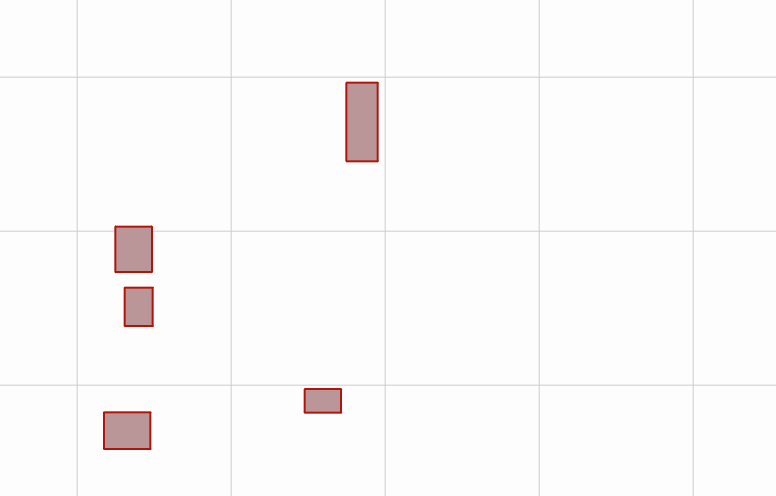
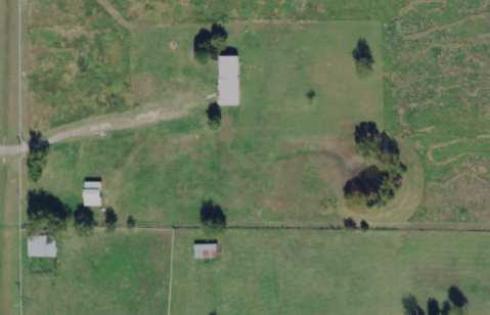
building: [116,226,152,272] -> none
building: [104,412,151,449] -> [28,234,56,257]

